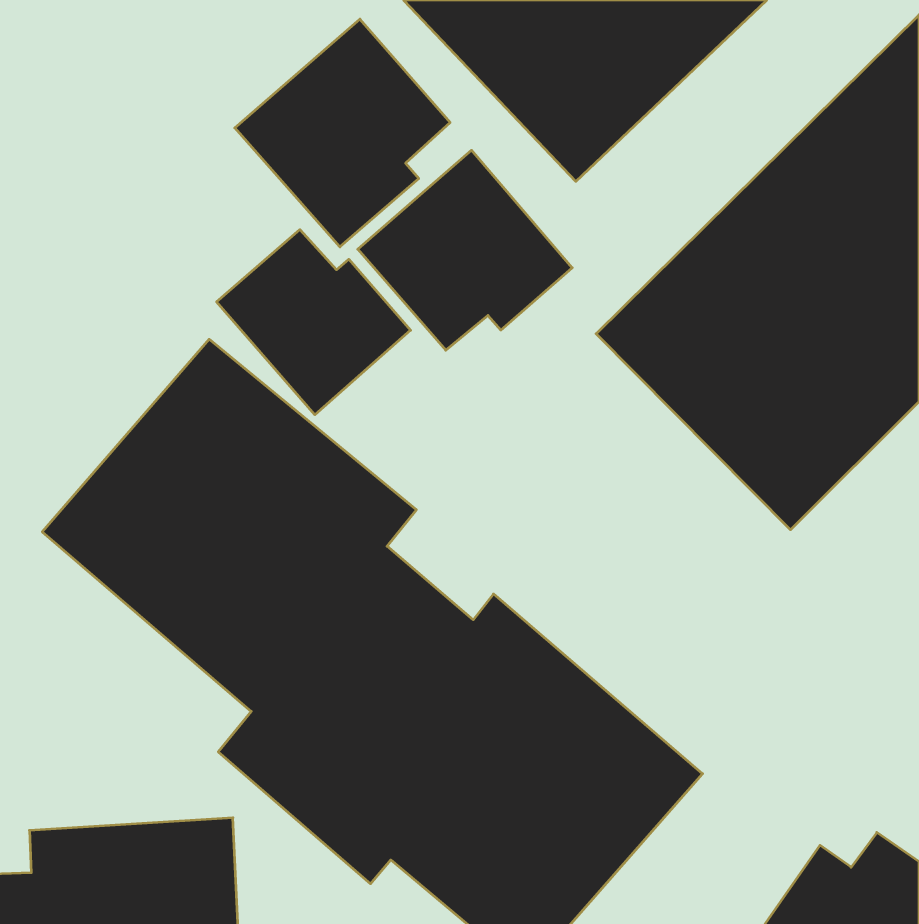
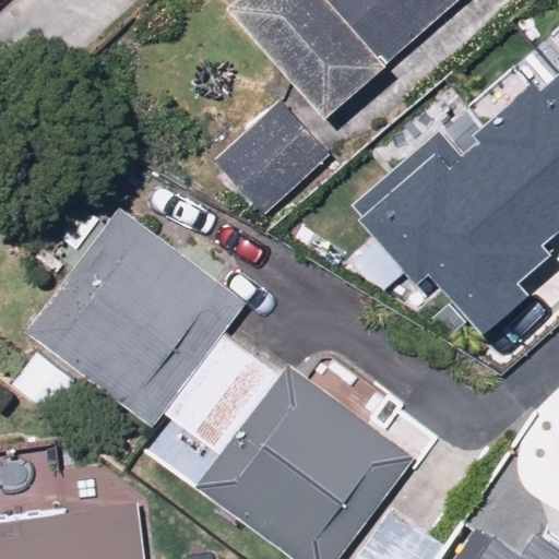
building: [235,19,450,247] -> none
building: [217,230,411,415] -> none

